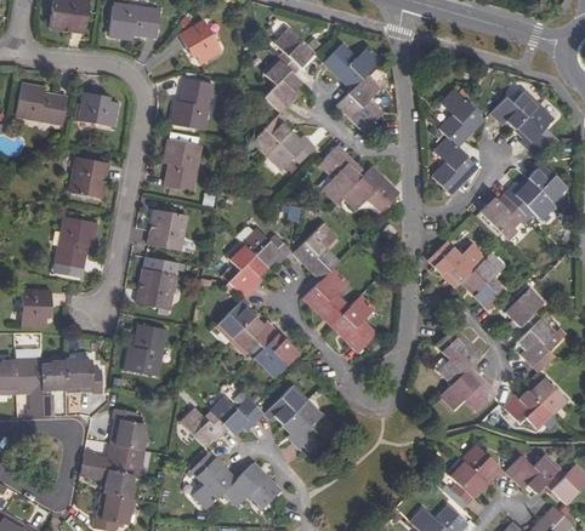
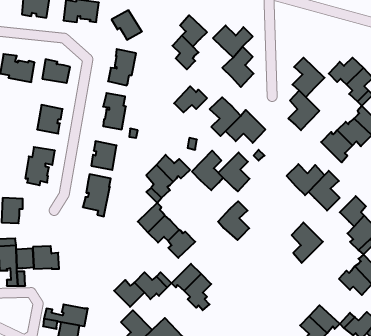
building: [252,112,290,154] -> none
building: [302,268,347,324] -> [218,152,250,191]
building: [127,325,169,376] -> none
building: [439,365,496,411] -> none
building: [108,409,143,449] -> none

